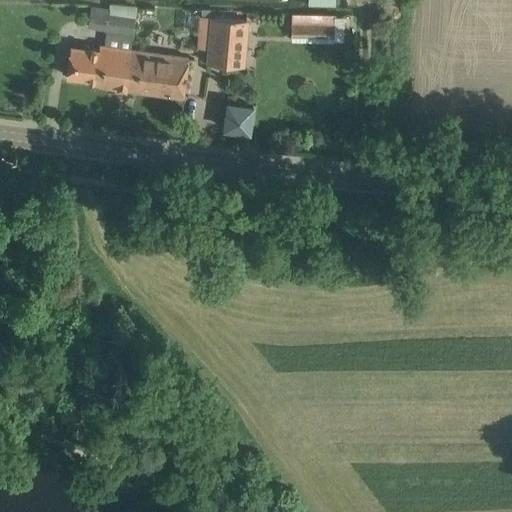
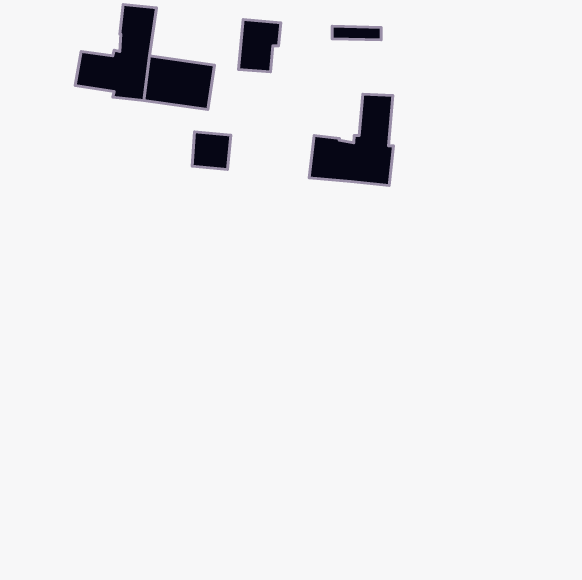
building: none -> [309,94,393,185]
building: [219,102,253,135] -> [192,132,231,169]

